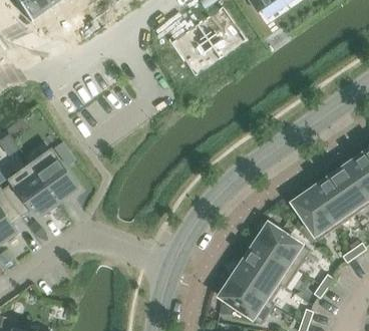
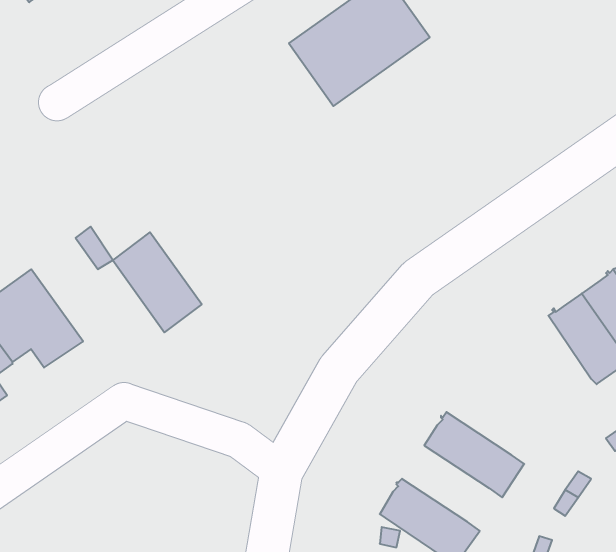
building: [30,149,78,204] -> [113,232,202,332]
building: [291,190,336,240] -> none
building: [255,223,310,270] -> none
building: [231,260,285,306] -> none

